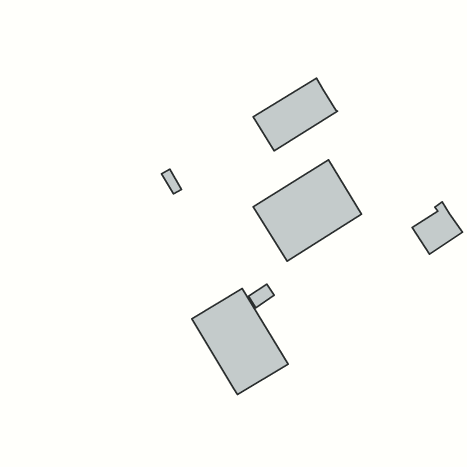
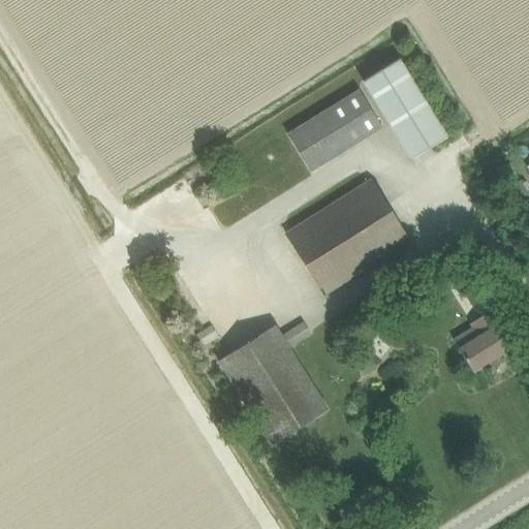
building: none -> [366,60,449,160]
building: [412,202,462,254] -> [455,311,511,370]

